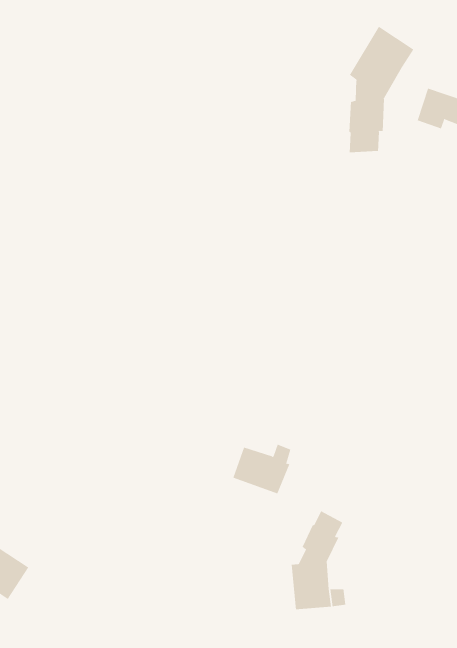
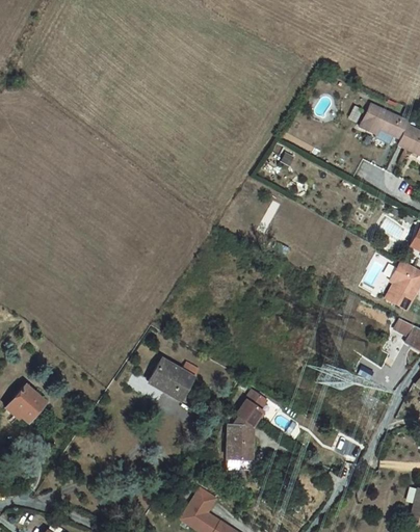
building: [349,26,414,153] -> none
building: [233,444,291,494] -> [149,358,192,395]

